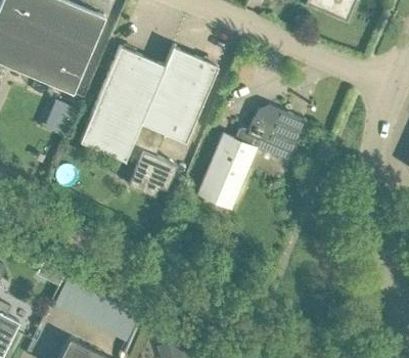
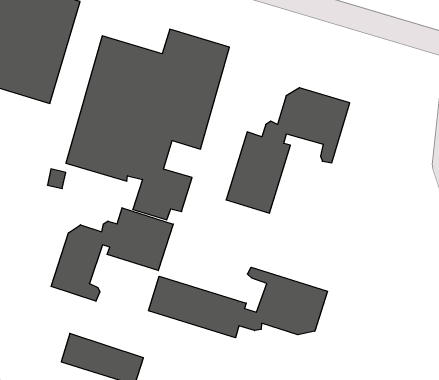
building: none -> [51,208,173,301]
building: none -> [148,267,328,338]

